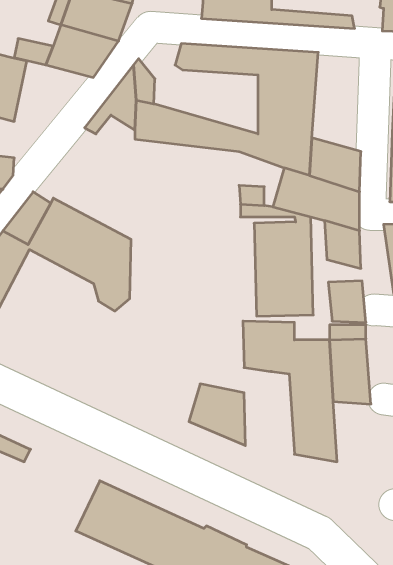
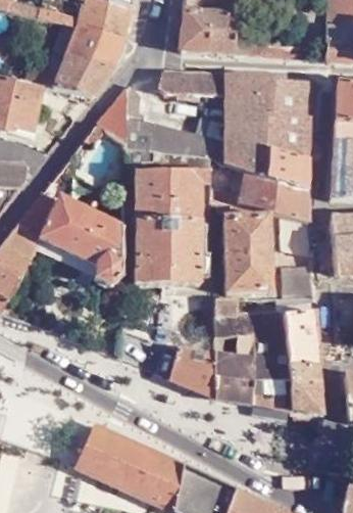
building: none -> [270,77,312,157]
building: none -> [136,170,212,285]
building: none -> [215,336,256,404]
building: none -> [288,361,321,415]

